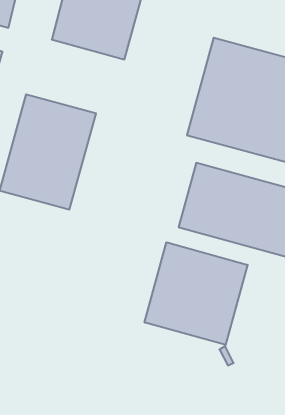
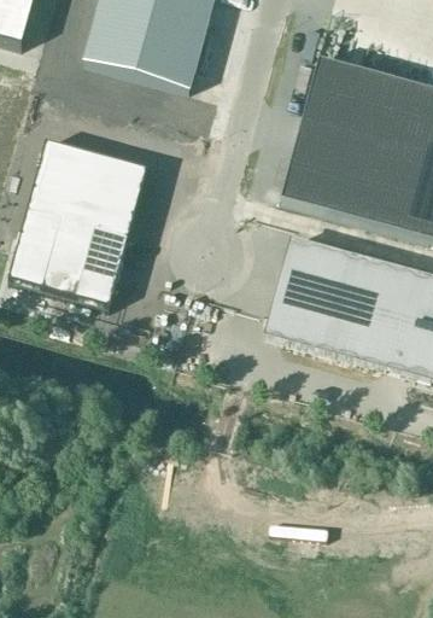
building: [145,242,248,345] -> none

